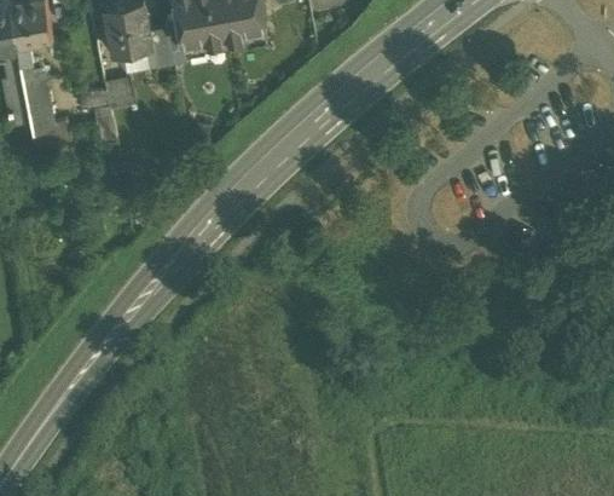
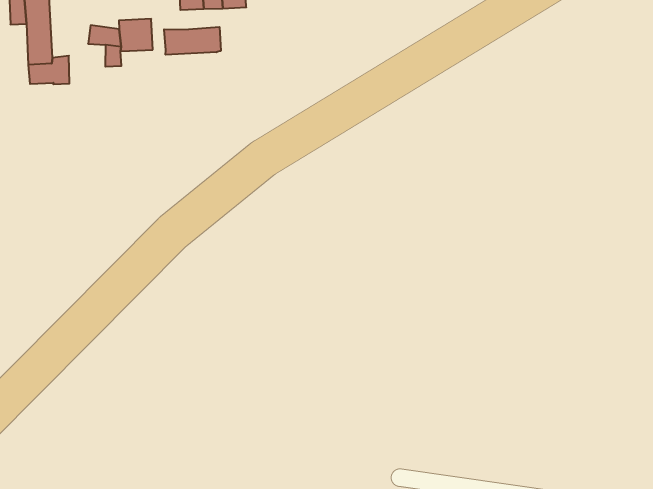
building: none -> [164,27,221,55]

